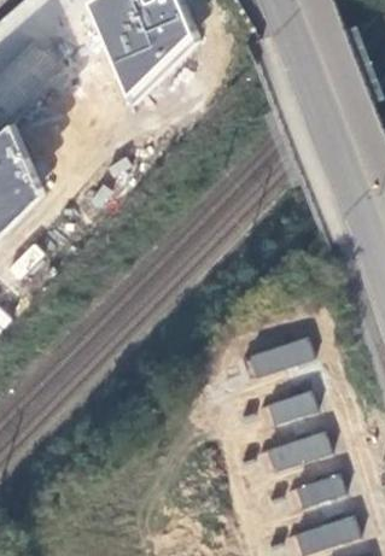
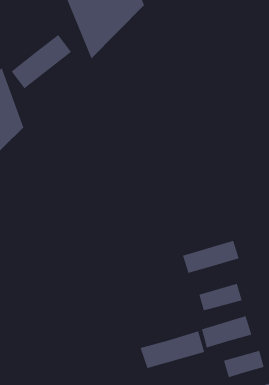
building: none -> [11,34,72,89]
building: none -> [140,331,205,369]

